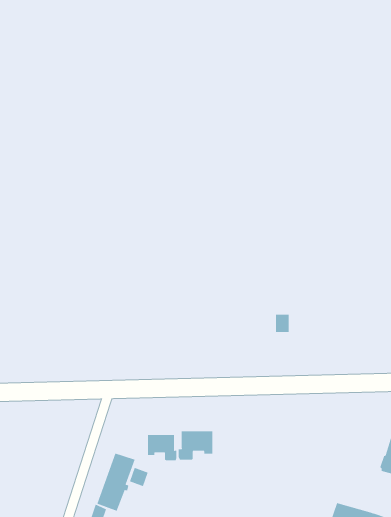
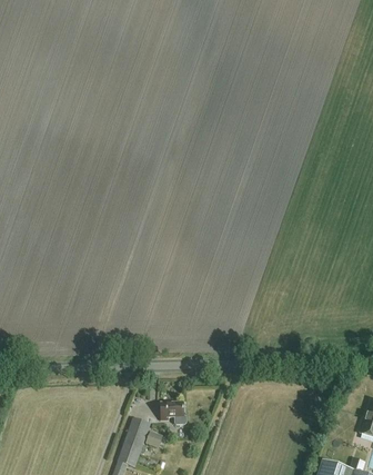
building: [178,431,213,461] -> none

